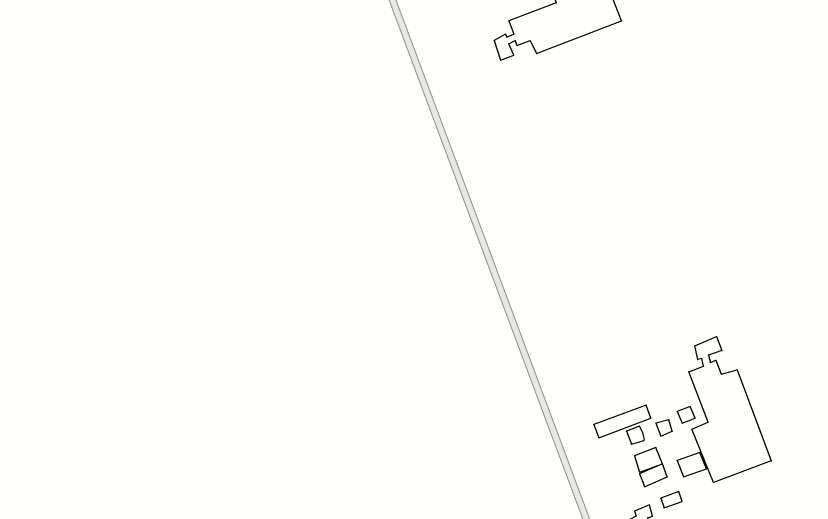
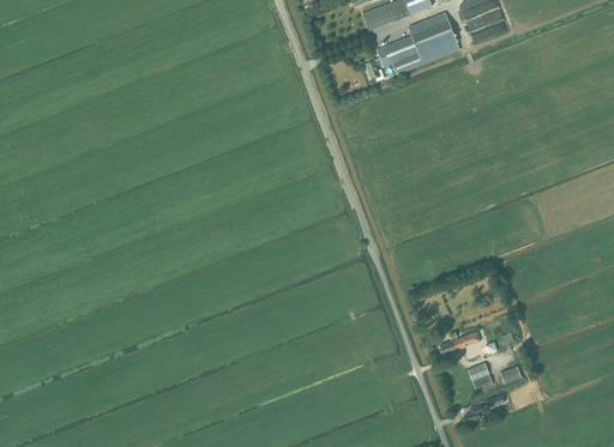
building: [689,337,771,482] -> none

